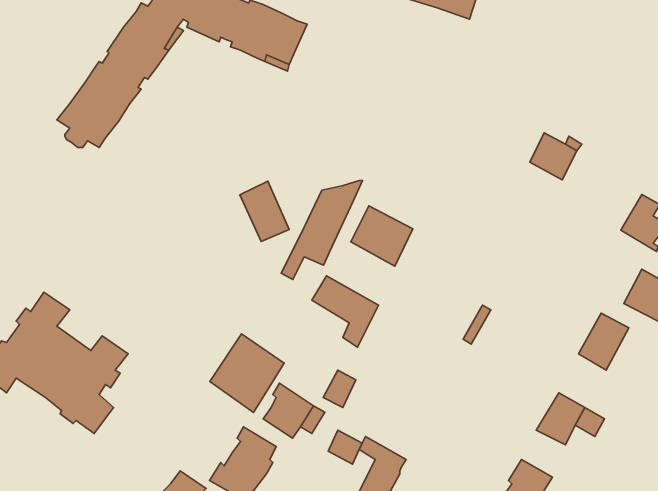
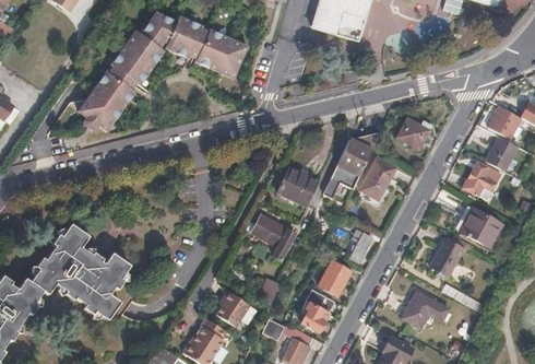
building: [281,181,363,280] -> [323,133,378,200]
building: [240,181,289,242] -> none
building: none -> [360,158,395,201]
building: [210,334,284,412] -> none
building: none -> [316,259,352,296]
building: none -> [302,289,336,331]

